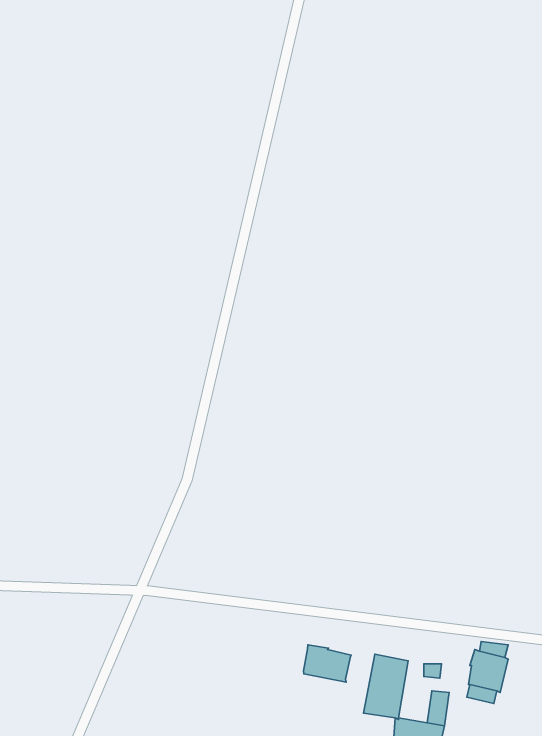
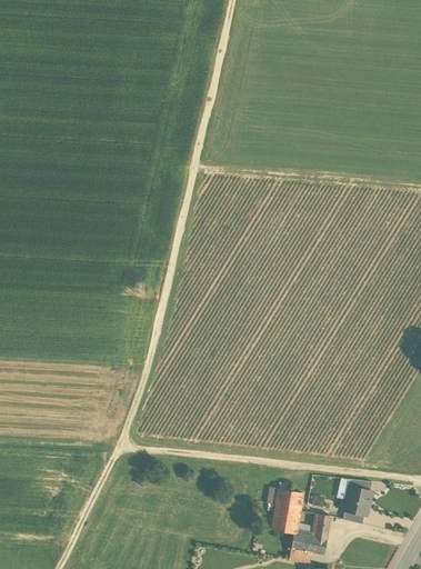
building: [303,645,351,682] -> none

